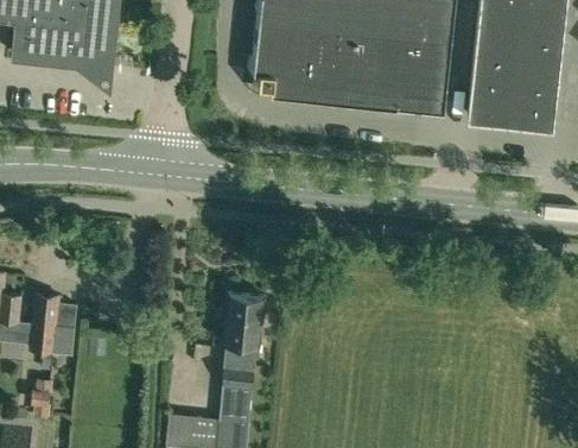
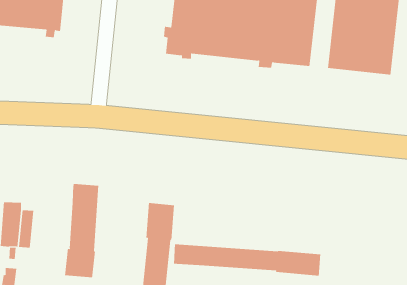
building: none -> [64,183,99,278]
building: none -> [174,244,321,277]

